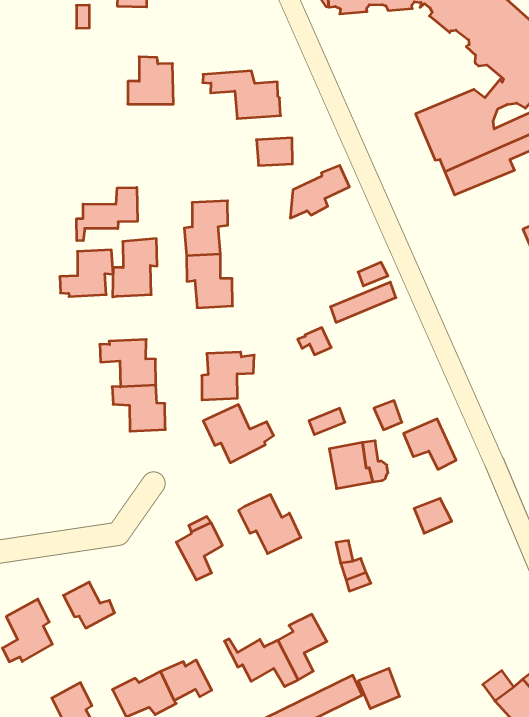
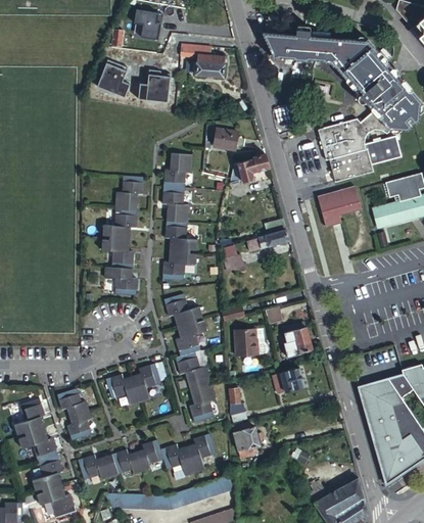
building: none -> [97,61,130,95]
building: [203,71,281,119] -> [178,44,225,77]
building: [77,187,137,241] -> none
building: none -> [320,187,365,228]
building: [60,250,113,297] -> [100,216,136,245]
building: none -> [161,230,196,262]
building: none -> [171,322,205,359]
building: none -> [186,383,215,425]
building: none -> [107,375,139,405]
building: none -> [65,414,88,444]
building: none -> [132,441,157,471]
building: none -> [16,428,57,462]
building: [358,668,400,709] -> [235,426,260,449]

